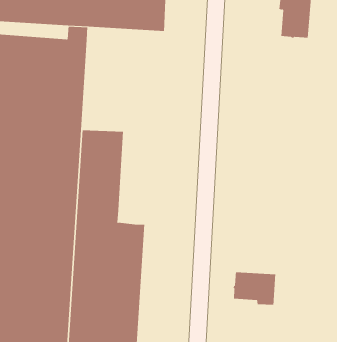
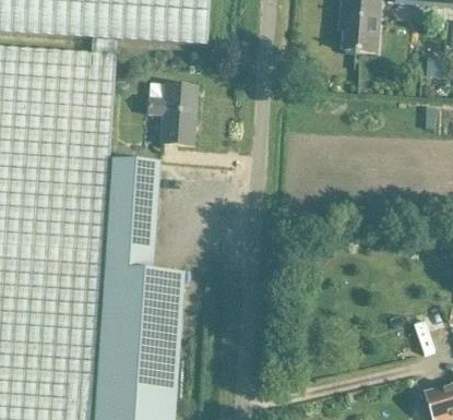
building: none -> [148,83,198,145]
building: [233,271,276,305] -> none

